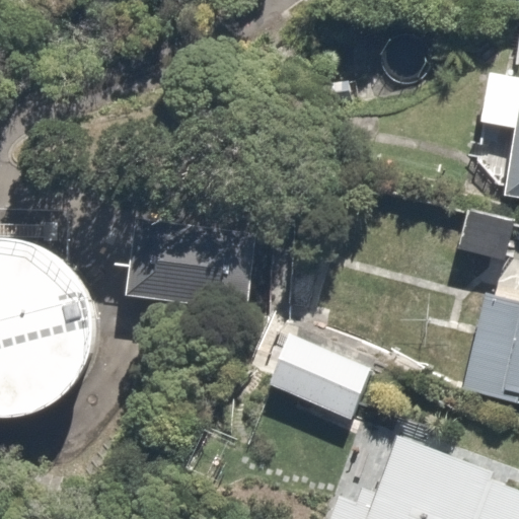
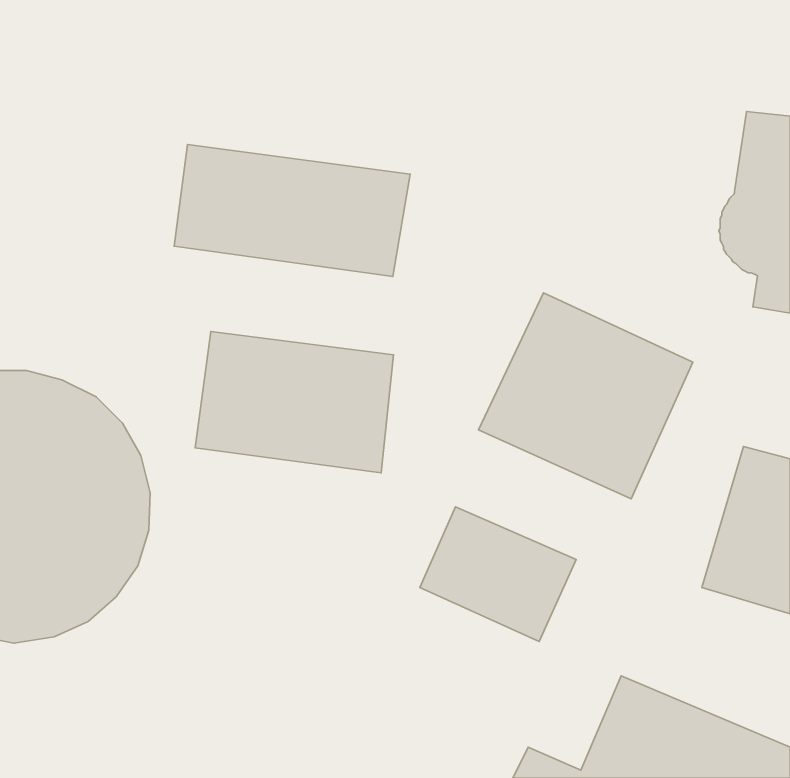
building: none -> [174,145,410,276]
building: none -> [478,293,693,499]

